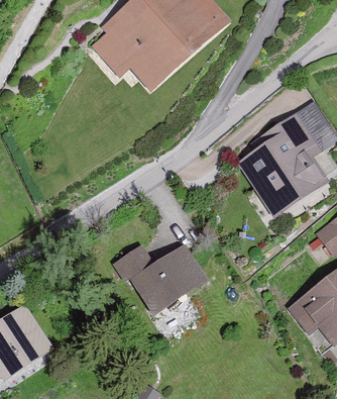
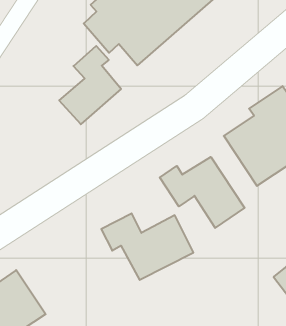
building: none -> [59,46,121,124]
building: none -> [160,157,245,228]

